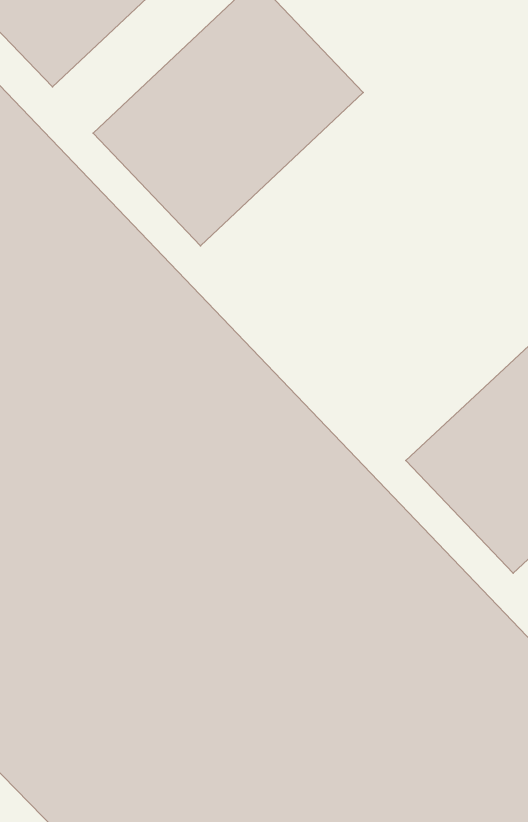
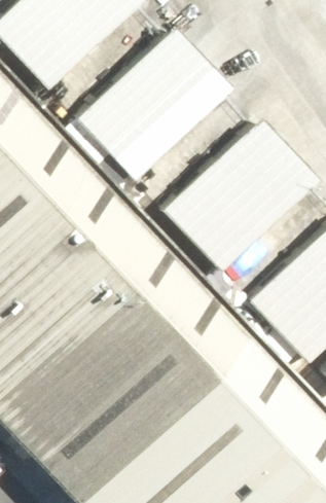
building: none -> [160,125,311,273]

